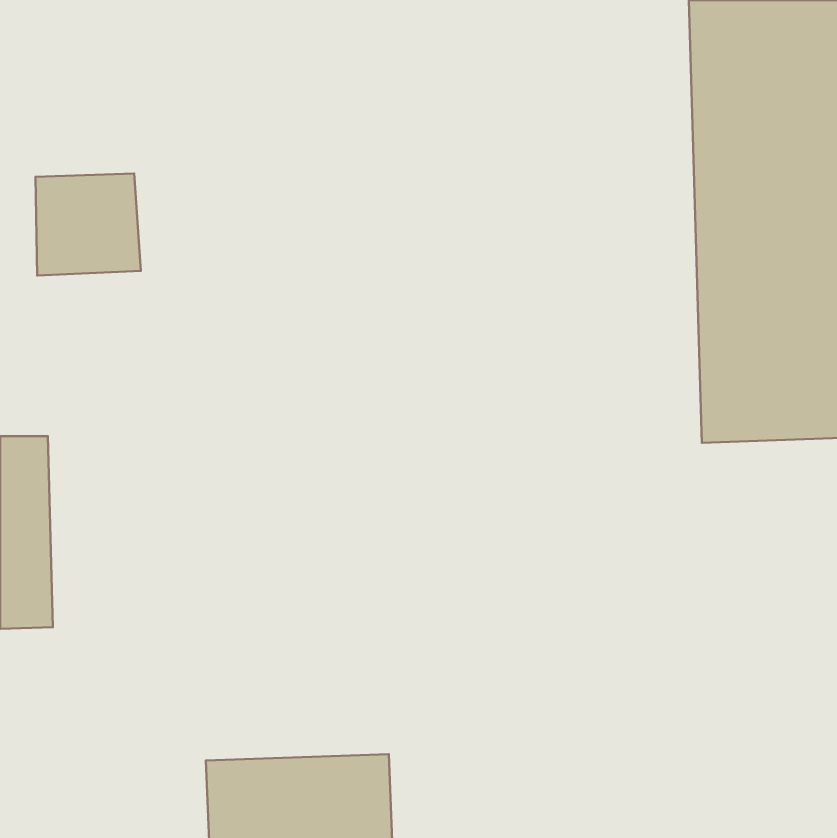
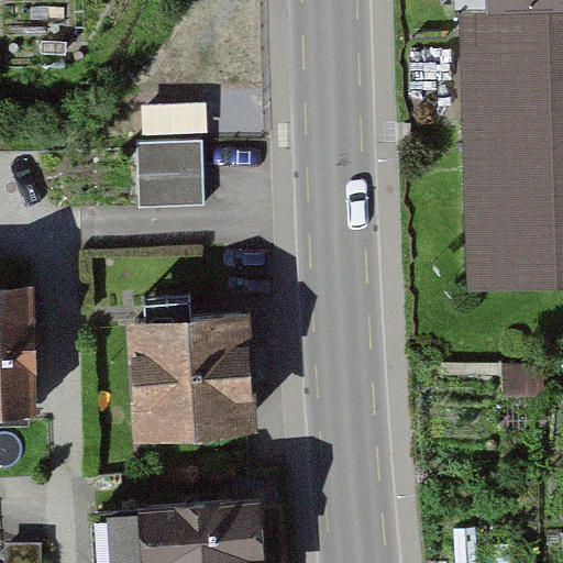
building: [35,174,141,276] -> [134,134,205,202]
building: none -> [106,309,239,437]

